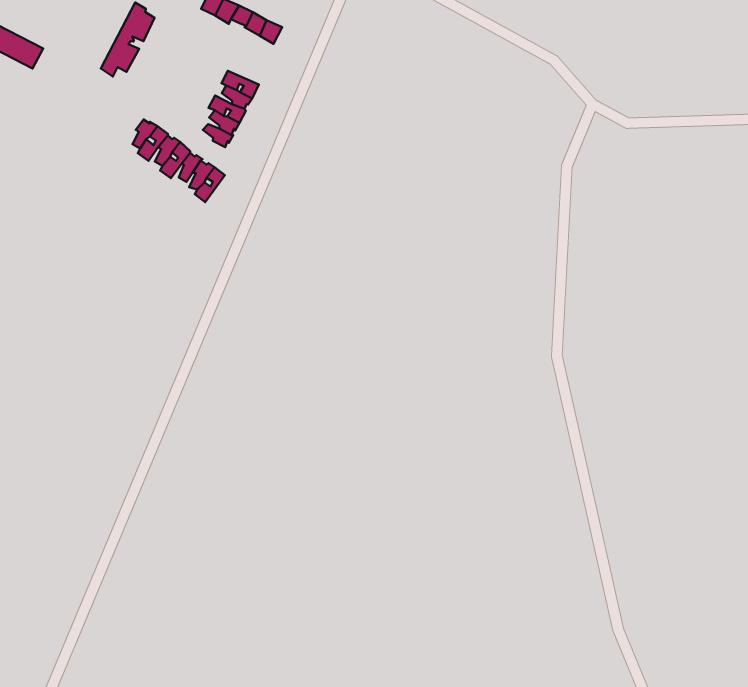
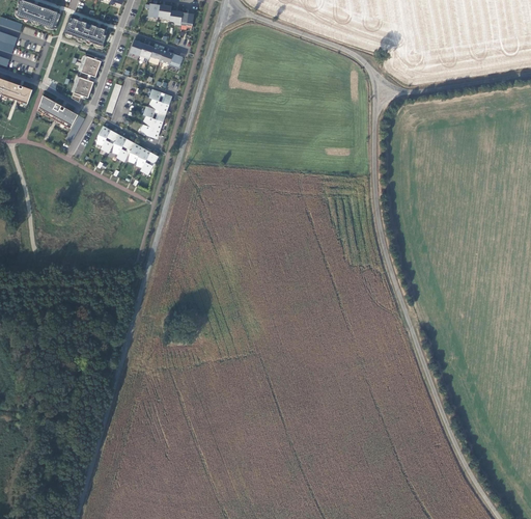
building: none -> [37,95,75,129]

